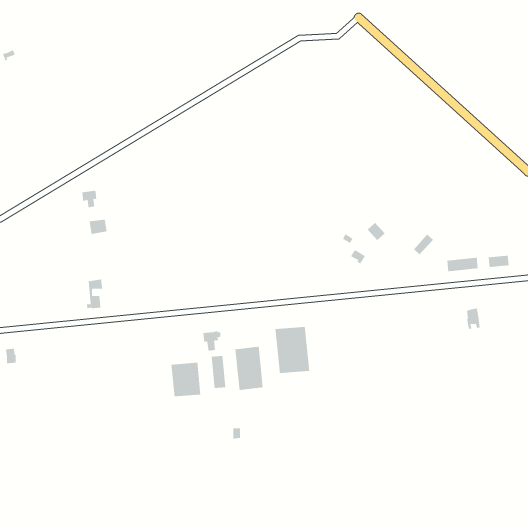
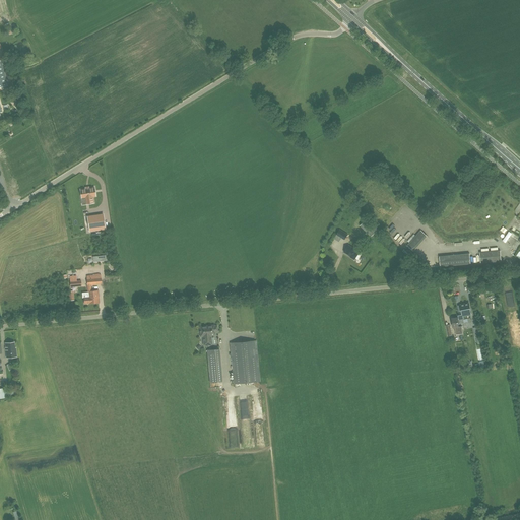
building: [275,326,310,374] -> none
building: [171,362,201,397] -> none

